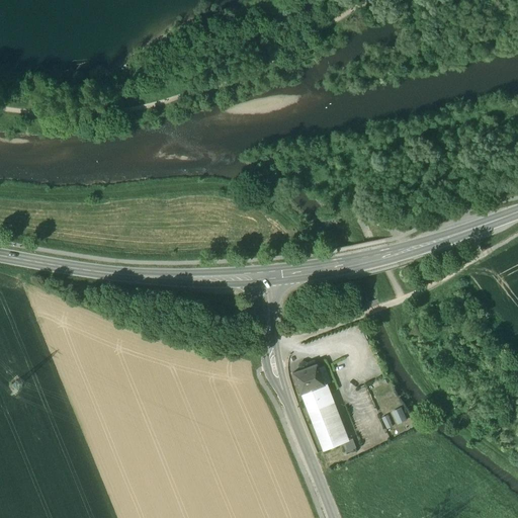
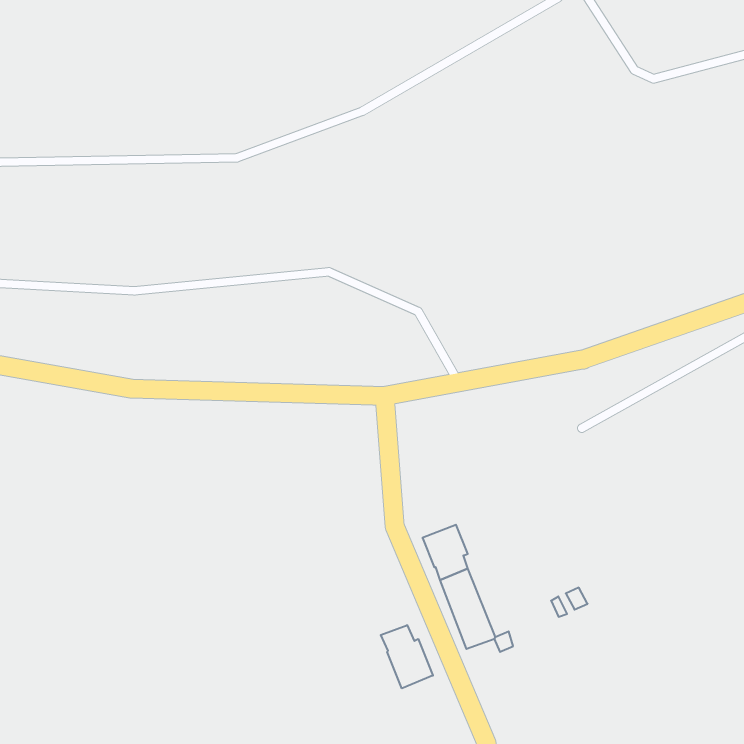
building: none -> [381,625,433,688]

